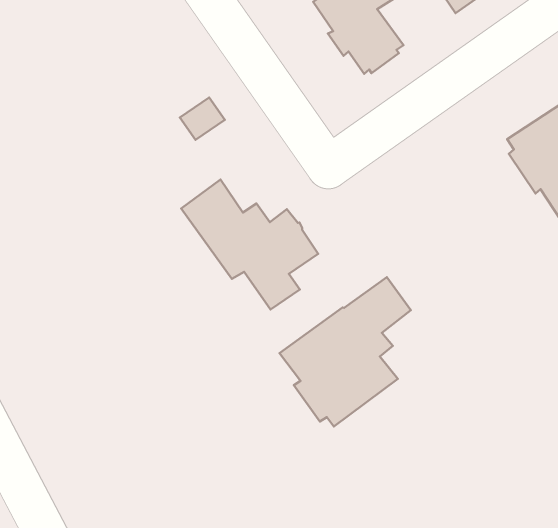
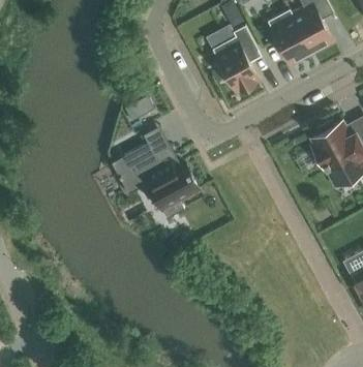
building: [280,277,411,426] -> none

